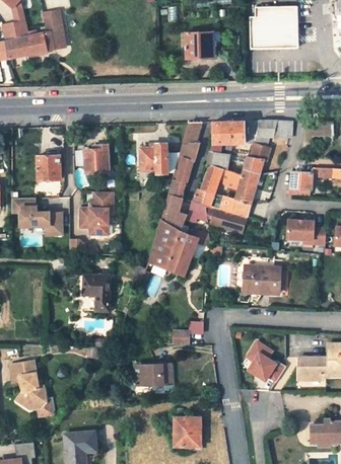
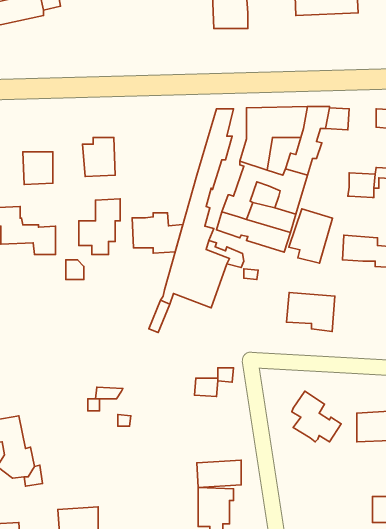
building: [139,143,179,174] -> [132,213,183,253]
building: none -> [289,209,333,263]
building: [83,276,110,312] -> none
building: [135,364,169,385] -> [197,460,241,487]

